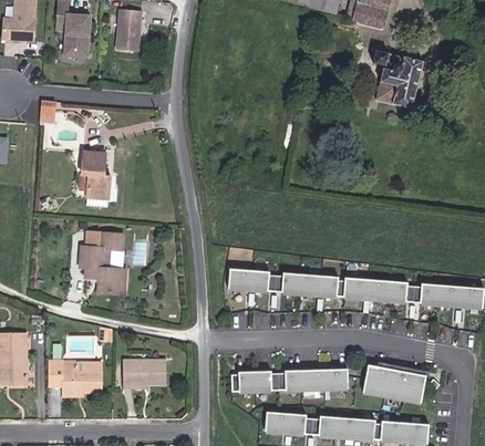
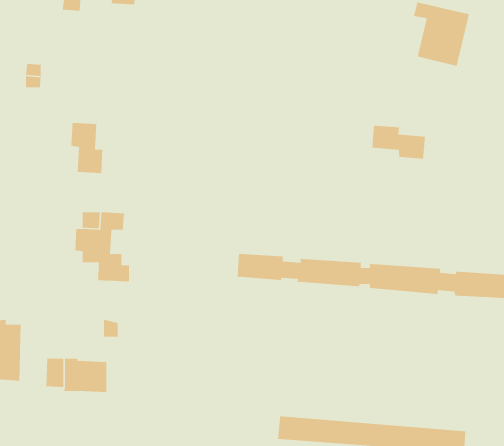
building: none -> [371,125,426,160]
building: [130,360,173,385] -> none
building: [357,365,421,405] -> none
building: [225,370,342,393] -> none

